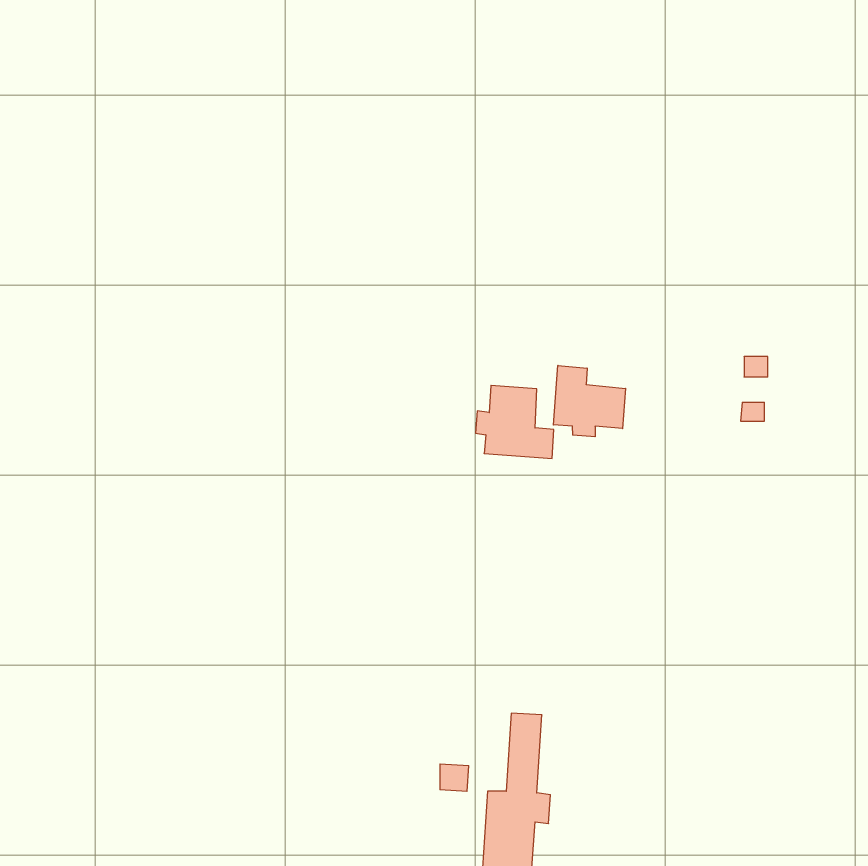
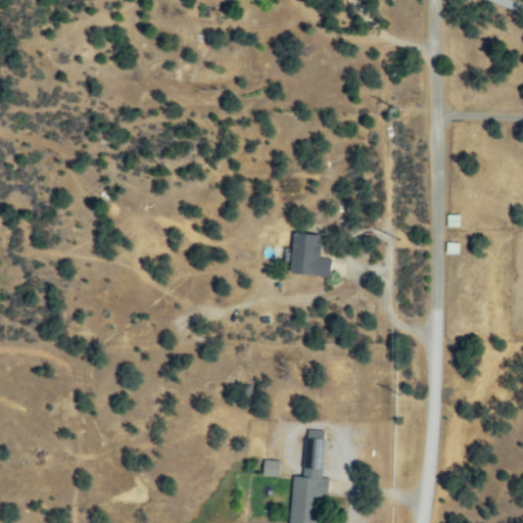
building: [553,365,626,437] -> none

